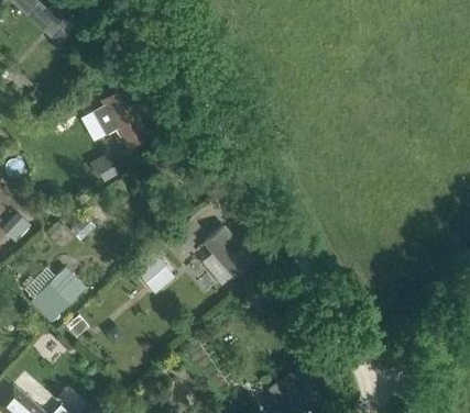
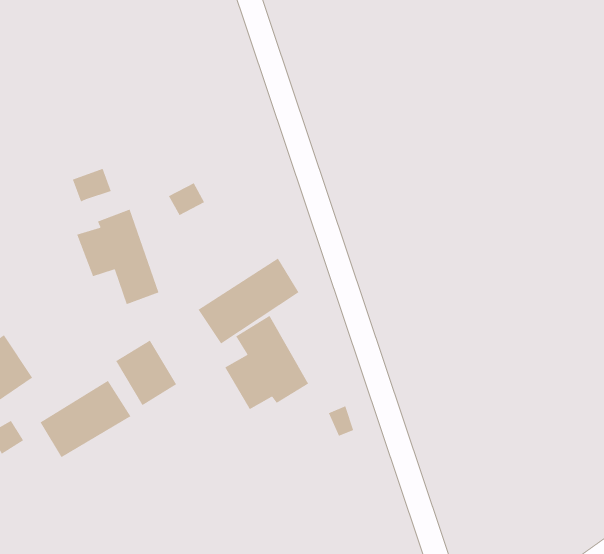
building: [91,90,147,148] -> [76,209,160,305]
building: none -> [40,380,131,458]

